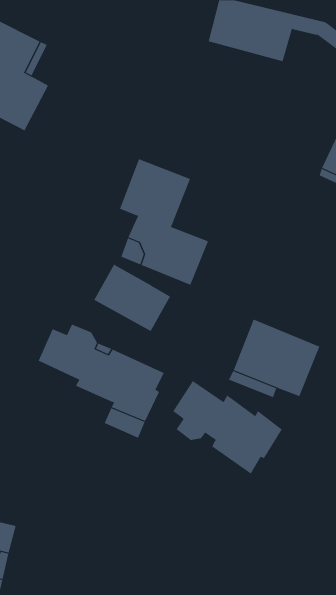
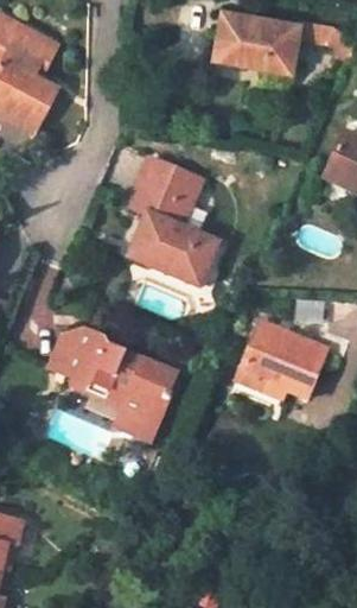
building: [93,264,171,332] -> none
building: [173,380,283,474] -> none

